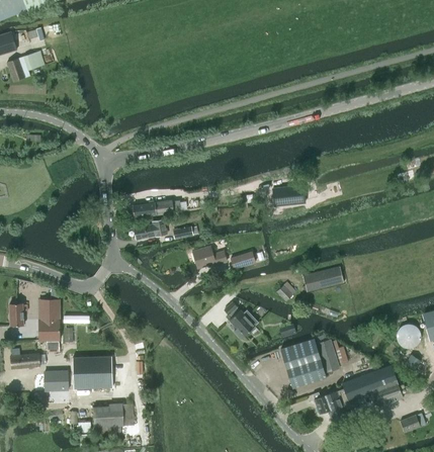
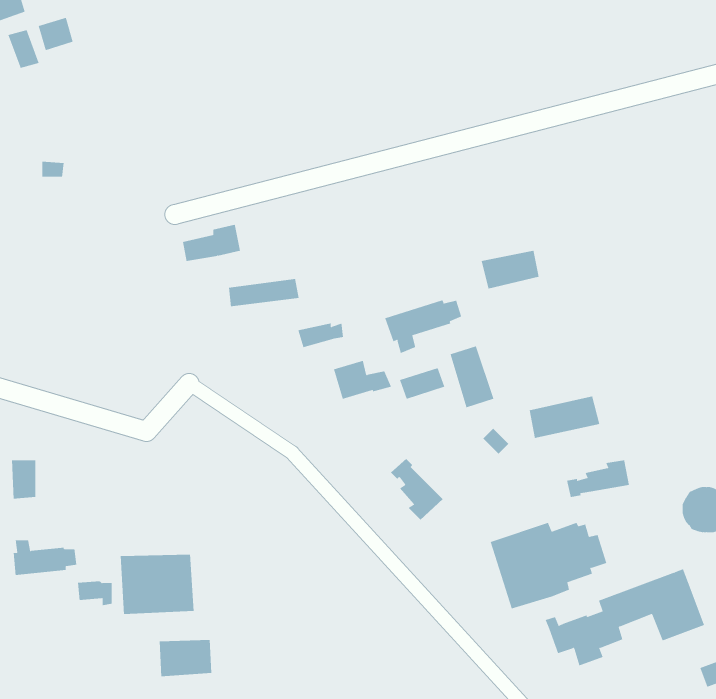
building: none -> [385,299,462,354]
building: [135,218,168,240] -> [182,224,241,261]
building: none -> [450,346,494,408]
building: [39,288,60,340] -> none
building: none -> [567,459,629,498]

